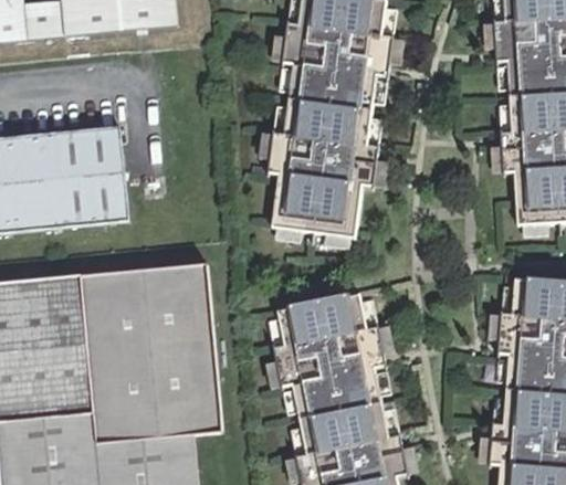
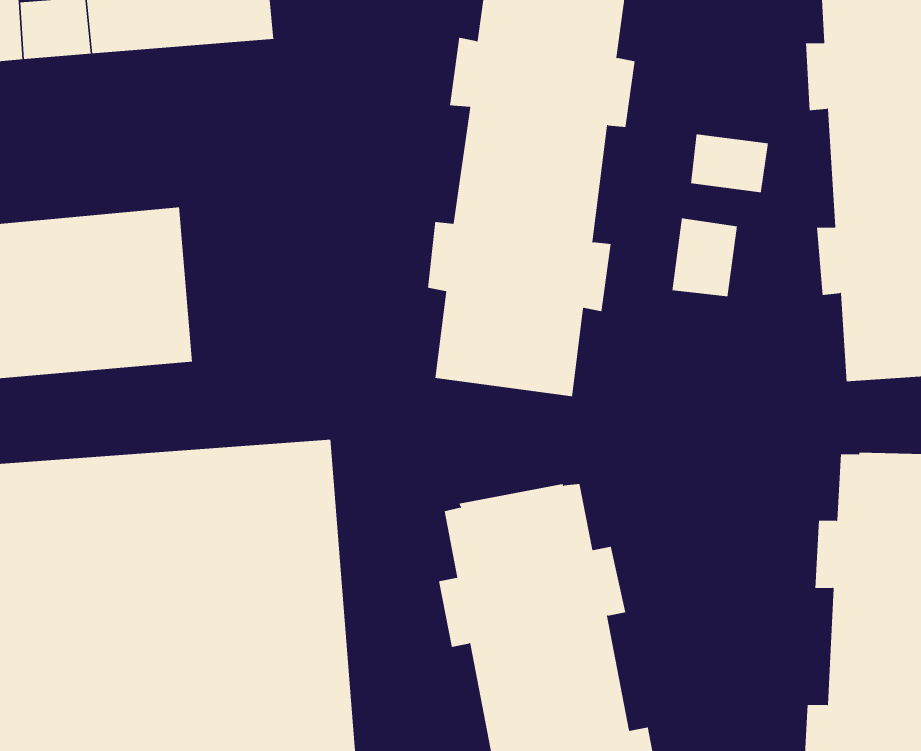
building: none -> [691,133,769,193]
building: none -> [672,218,737,297]

